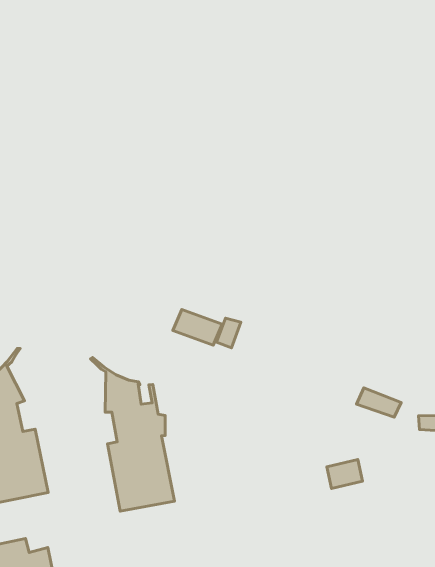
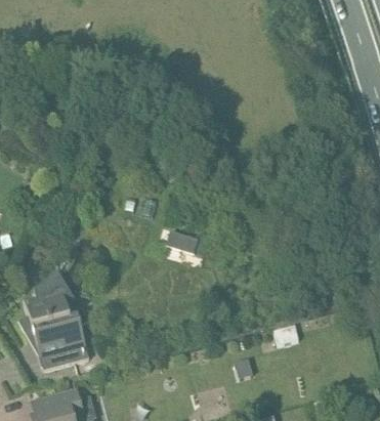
building: [90,358,175,511] -> none

